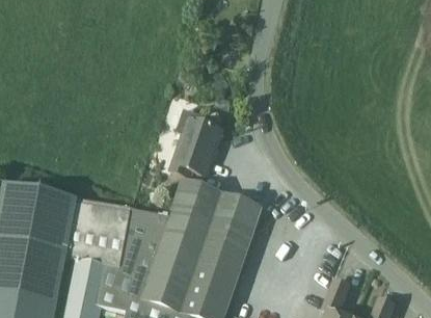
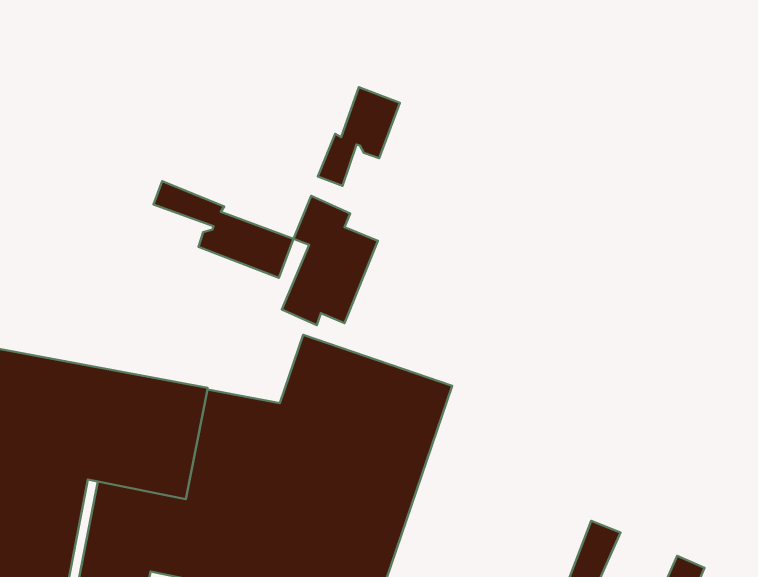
building: none -> [318,87,400,186]
building: none -> [153,181,293,278]

